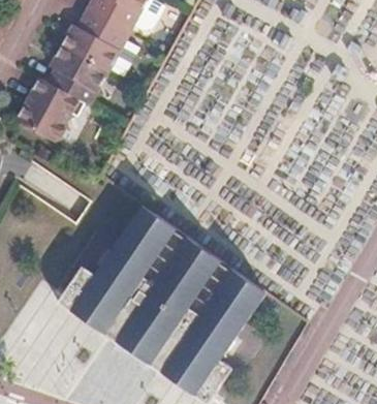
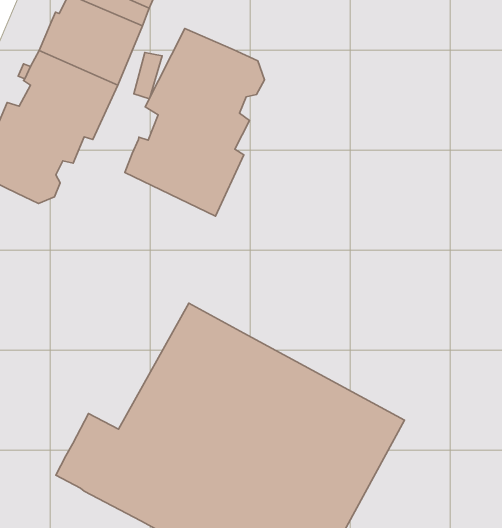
building: none -> [125,28,264,216]

